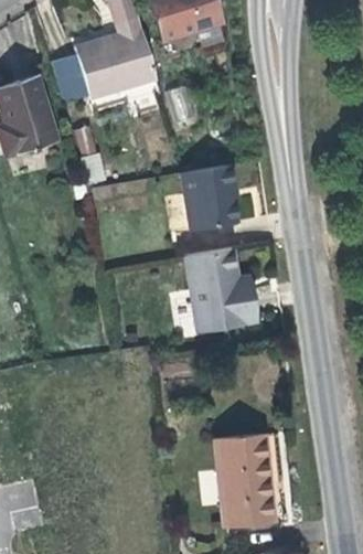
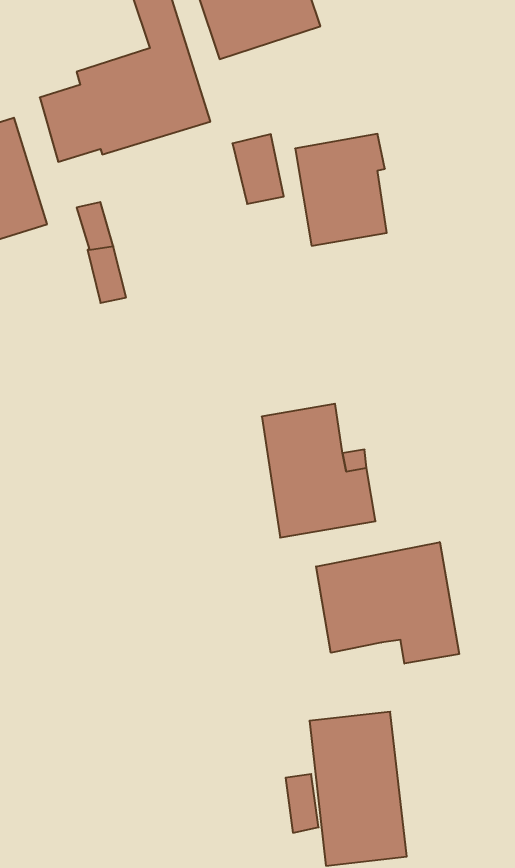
building: [181,163,236,231] -> [295,134,387,246]
building: none -> [316,542,459,664]

